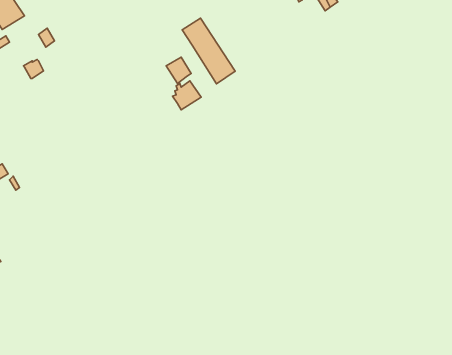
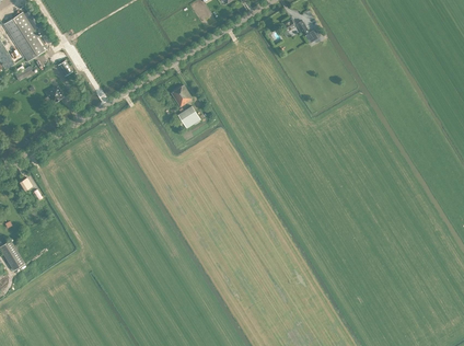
building: [182,18,235,84] -> none

